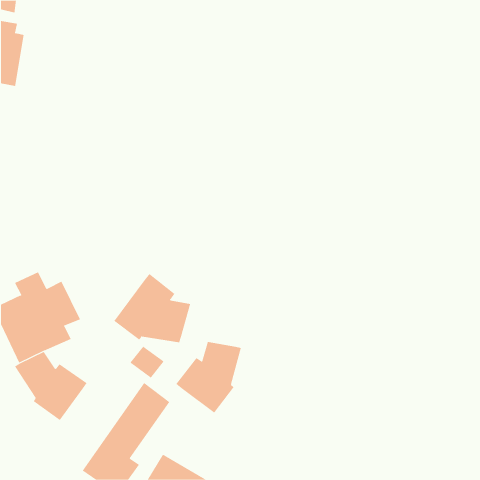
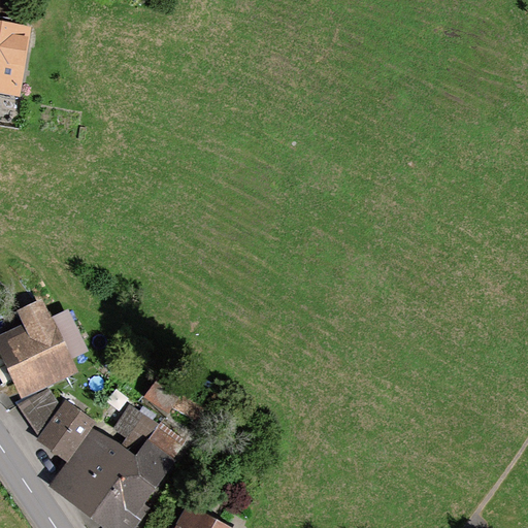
building: [114,273,191,343] -> none
building: [176,341,241,413] -> none
building: none -> [48,401,158,517]

